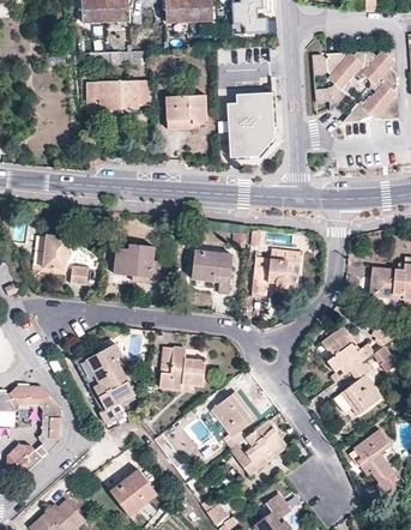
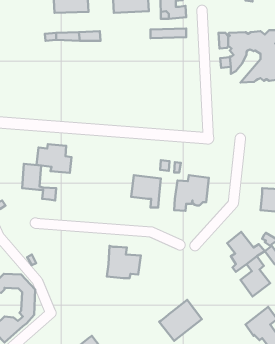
building: [86,80,153,109] -> none
building: [226,92,274,158] -> none
building: [165,96,205,125] -> none
building: [113,243,161,283] -> [37,144,72,173]
building: [80,343,133,423] -> none
building: [212,392,256,450] -> none

